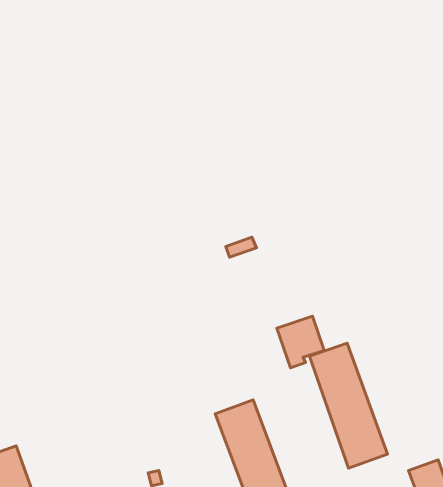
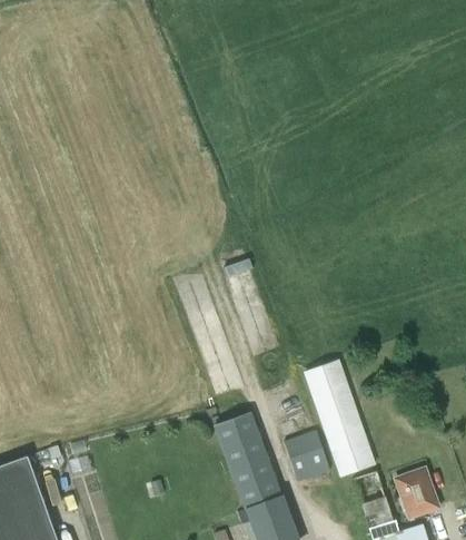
building: [277,316,324,368] -> none
building: none -> [285,432,330,482]

